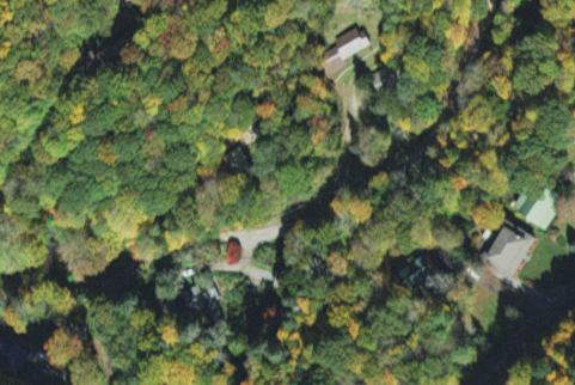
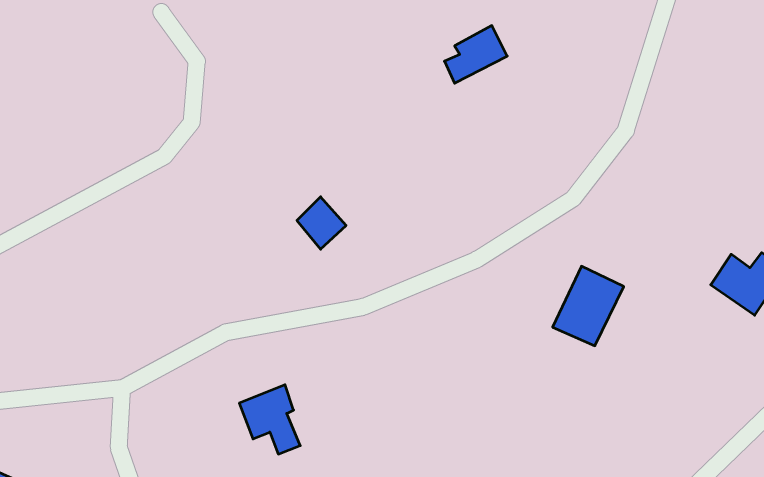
building: [482,222,532,279] -> [553,266,624,346]

